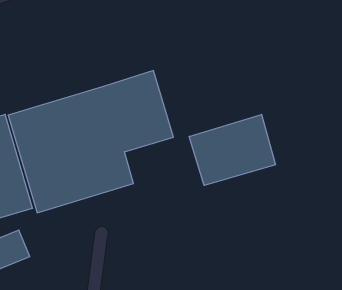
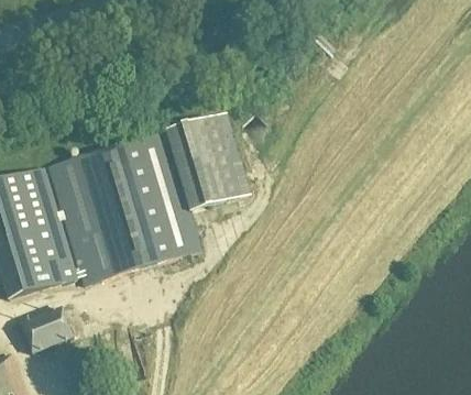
building: [189,114,276,185] -> none

